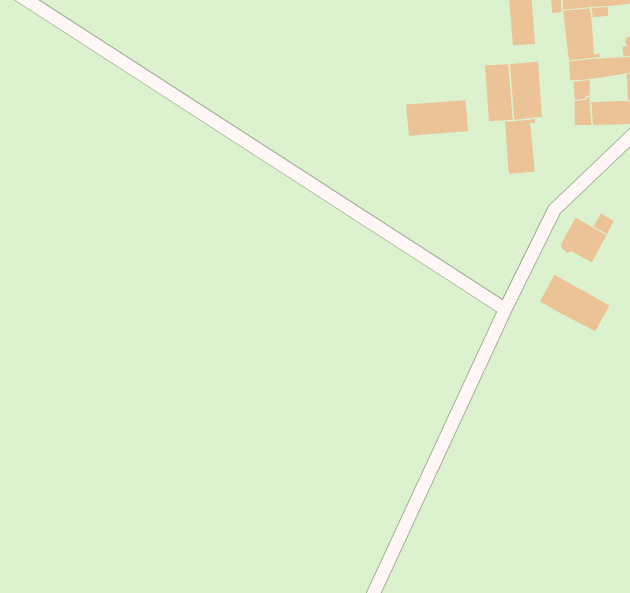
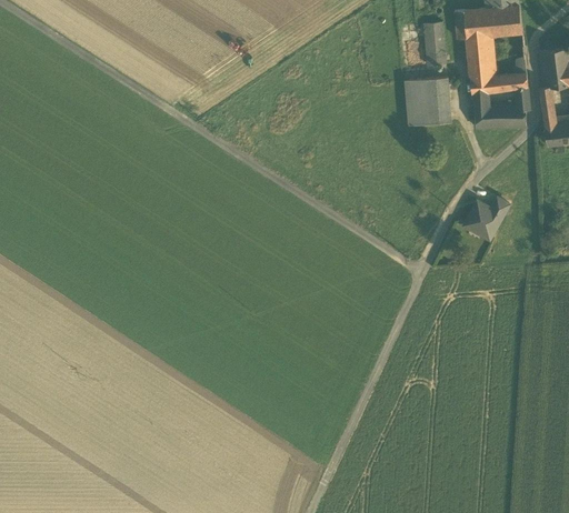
building: [405,99,469,136] -> none
building: [504,118,536,175] -> none
building: [539,274,610,332] -> none

